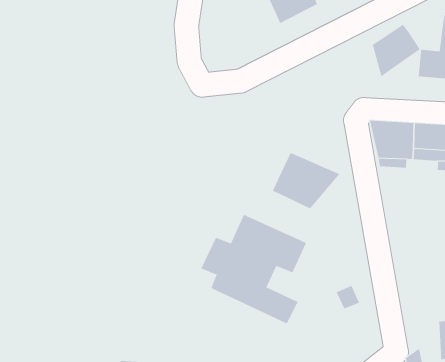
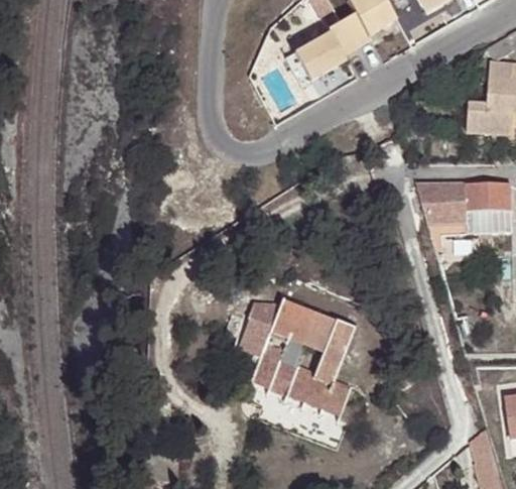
building: [372,24,420,77] -> none
building: [272,152,340,209] -> none

